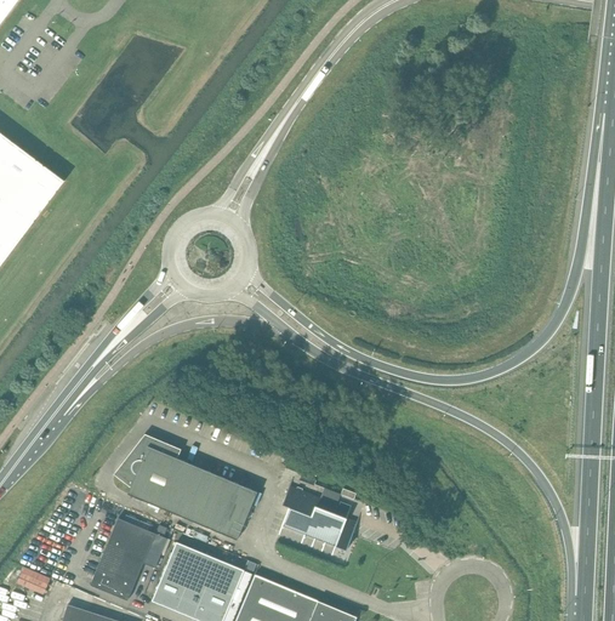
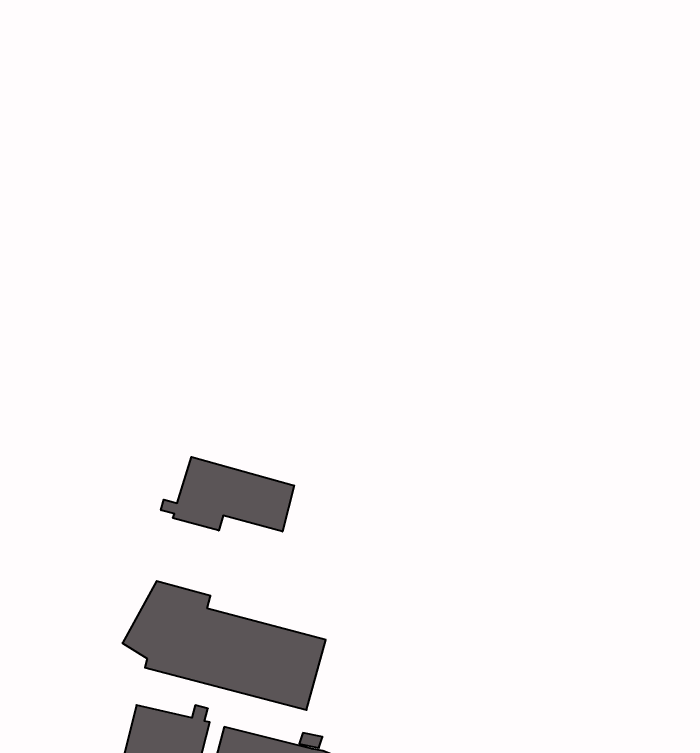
building: none -> [161,457,294,532]
building: [281,486,355,551] -> none

